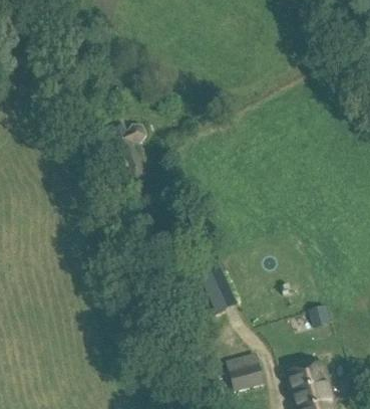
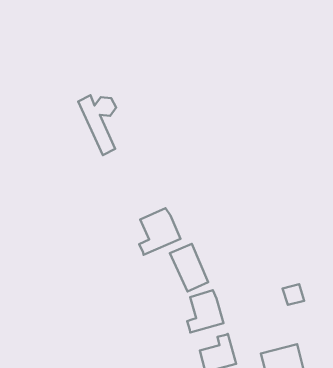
building: none -> [139,208,181,255]
building: none -> [187,290,223,332]

